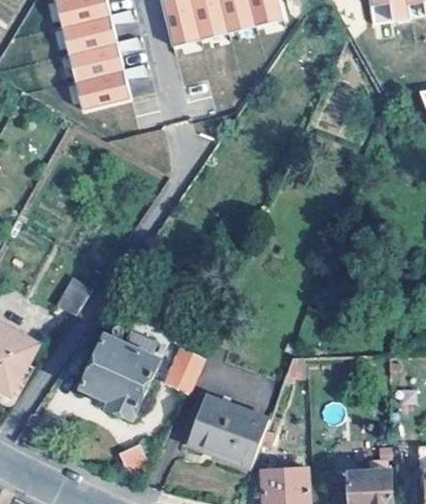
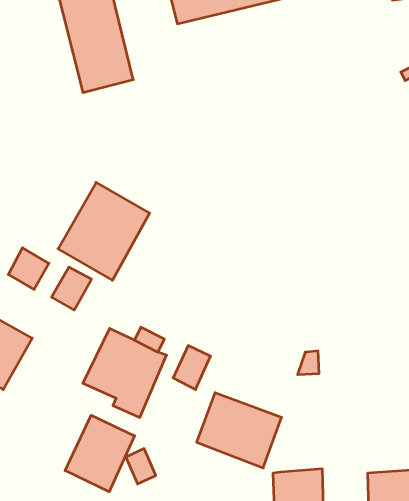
building: none -> [58,182,150,280]
building: none -> [8,248,49,289]
building: none -> [65,415,135,492]

